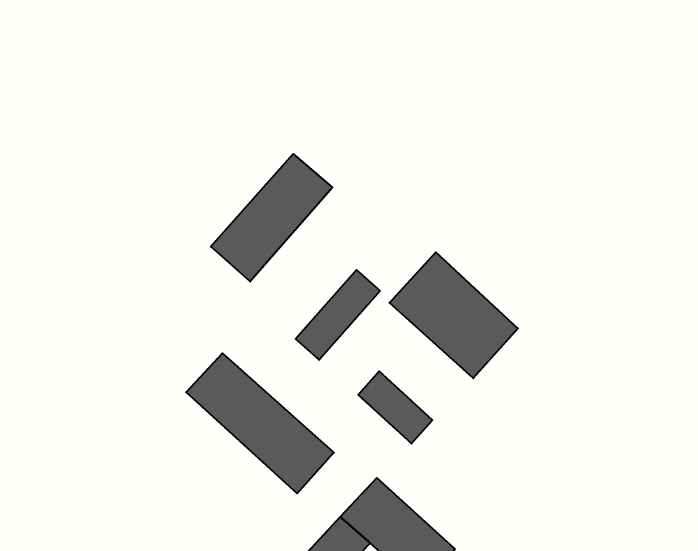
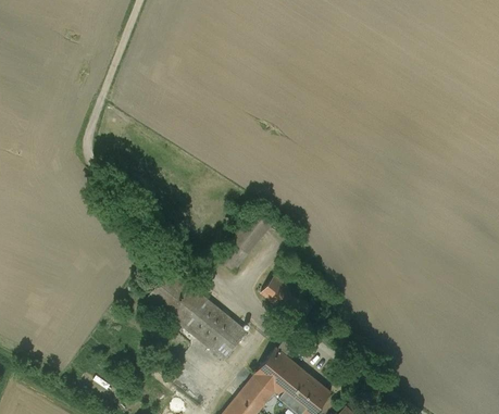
building: [211,154,332,282] -> none
building: [389,252,518,378] -> none

